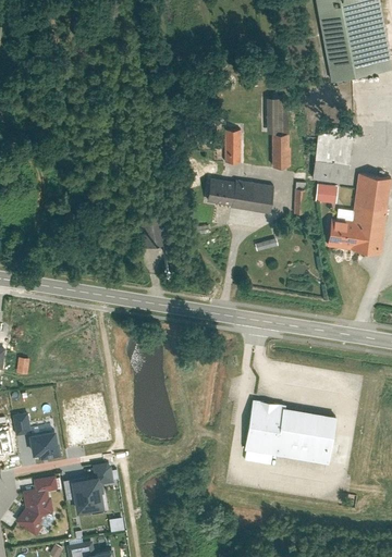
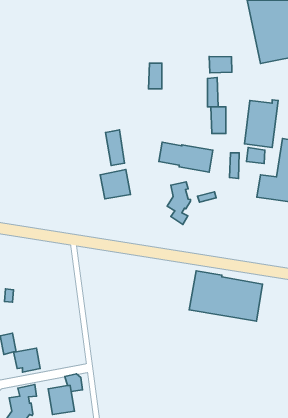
building: none -> [209,56,232,73]
building: [224,132,241,163] -> [149,63,162,89]
building: none -> [105,130,125,165]
building: none -> [167,182,191,224]
building: [245,401,335,463] -> [189,271,263,321]

